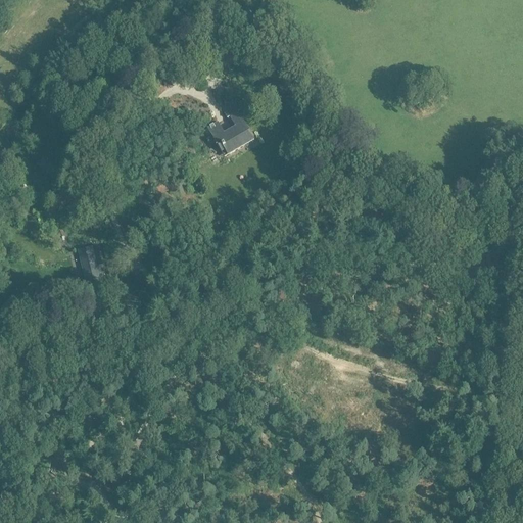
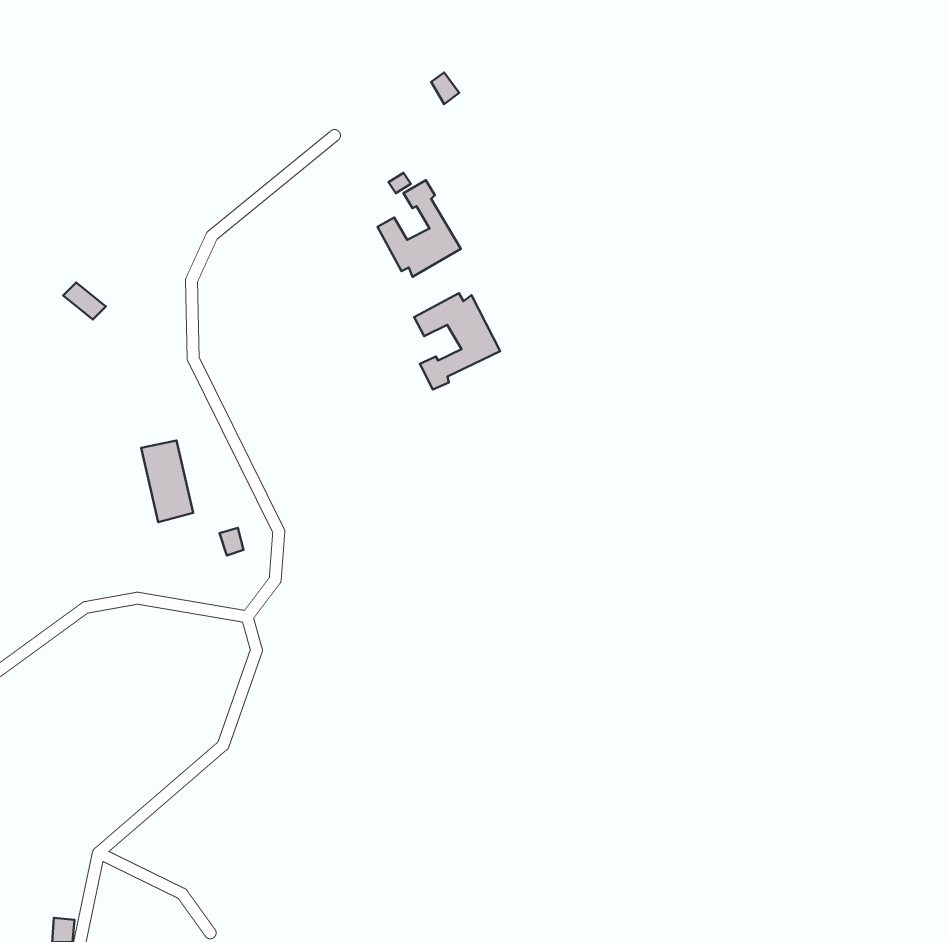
building: none -> [414,293,500,390]

